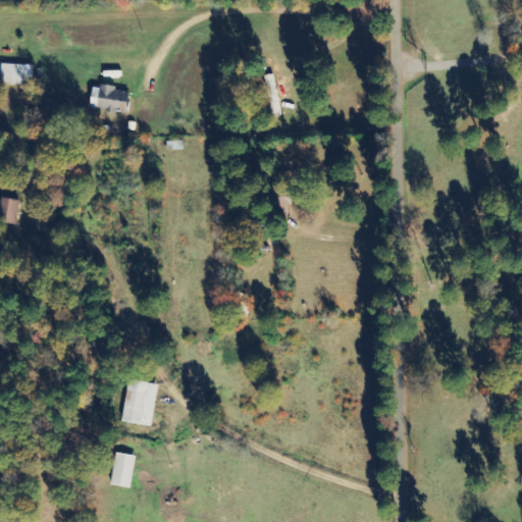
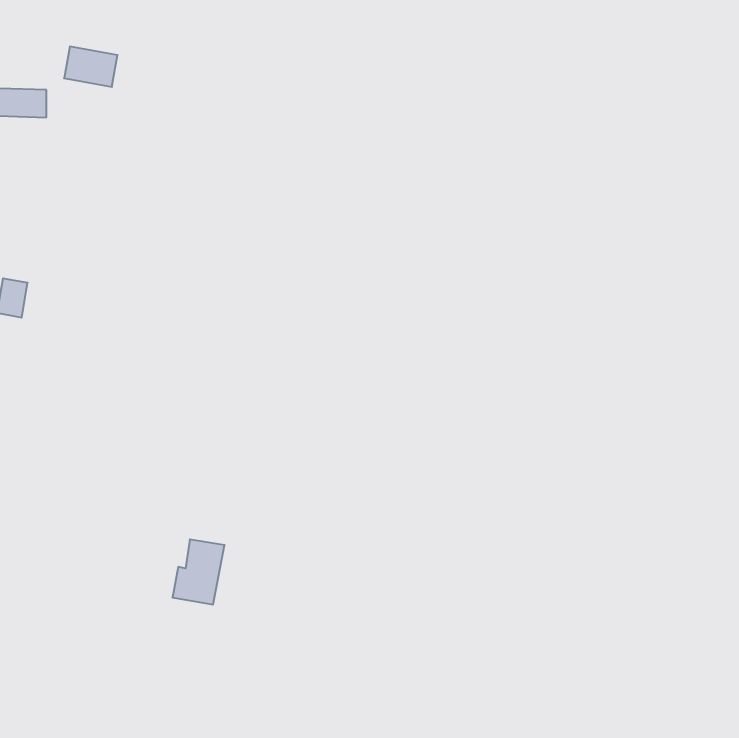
building: [90,84,127,112] -> [64,46,118,87]
building: [110,452,136,486] -> none

